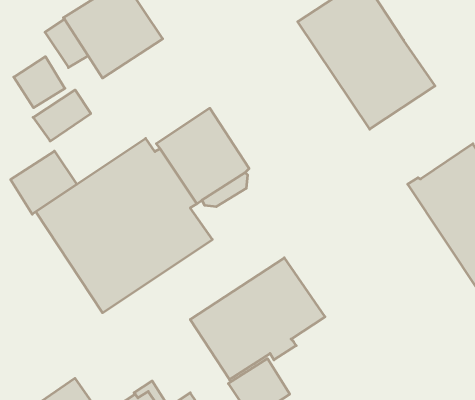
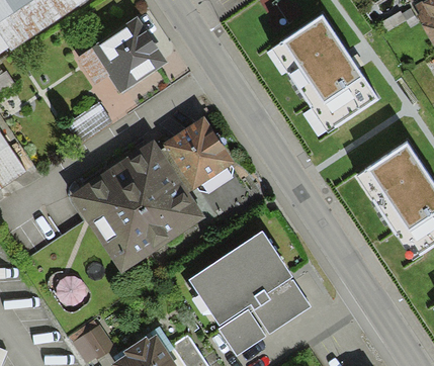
building: [14,57,65,108] -> none
building: [11,151,77,214] -> none
building: none -> [253,279,311,333]

